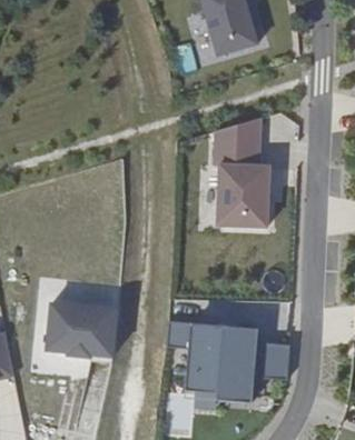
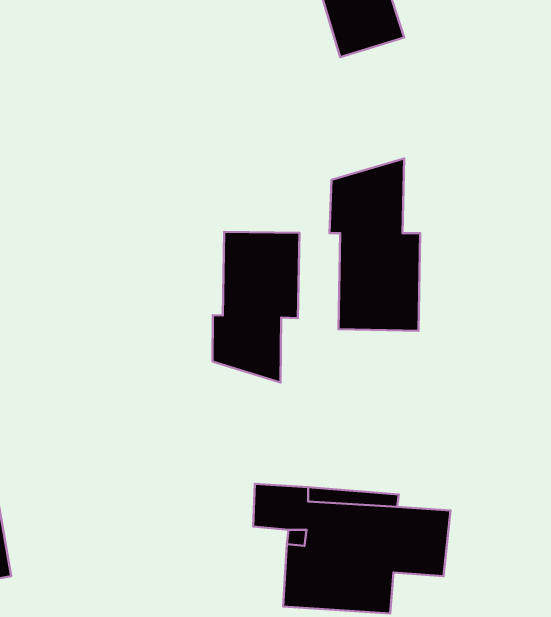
building: none -> [213,232,299,383]
building: [42,307,111,362] -> none

